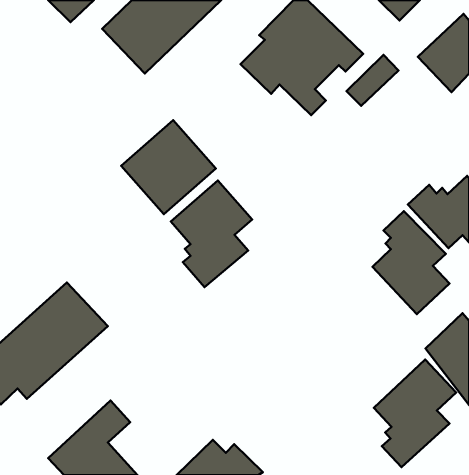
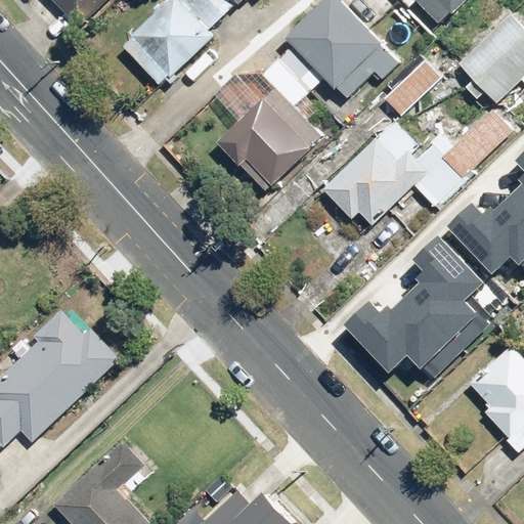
building: none -> [324,112,510,225]
building: [121,120,216,214] -> [221,87,325,190]
building: [171,180,252,287] -> none
building: none -> [346,294,460,379]
building: [374,359,456,467] -> none

